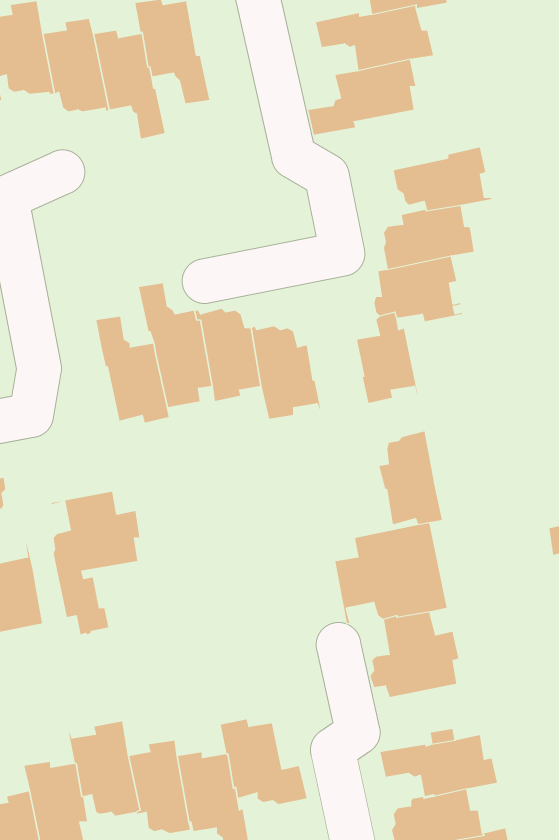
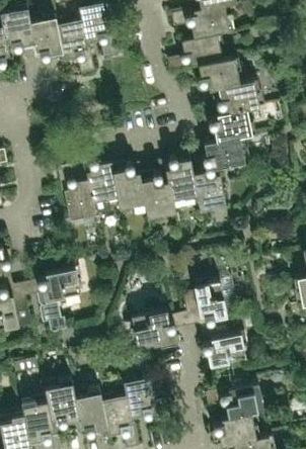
building: none -> [193,57,242,91]
building: [379,431,443,524] -> [164,152,198,200]
building: none -> [131,310,177,354]

